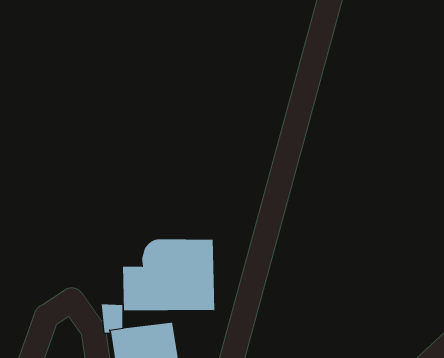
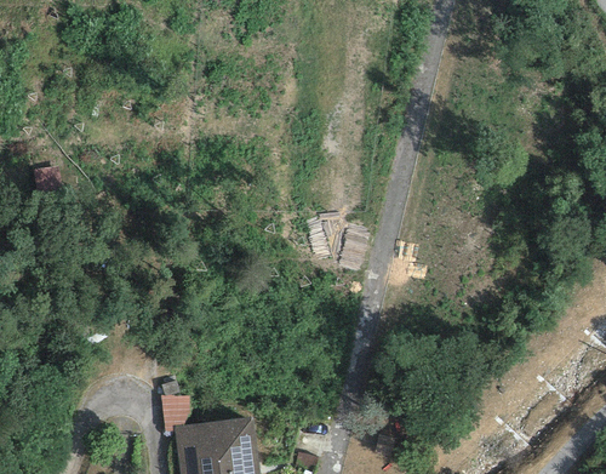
building: [122,238,215,311] -> none

